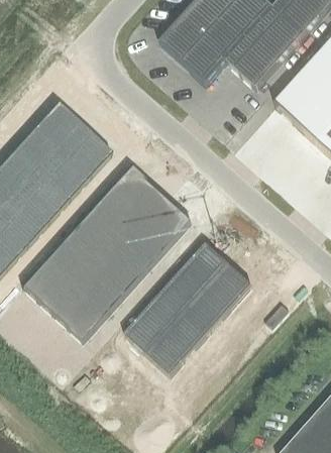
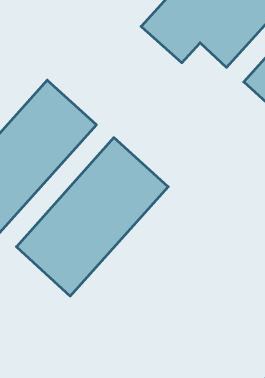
building: [124,243,251,375] -> none

